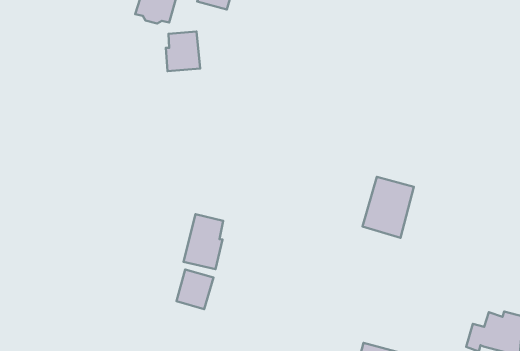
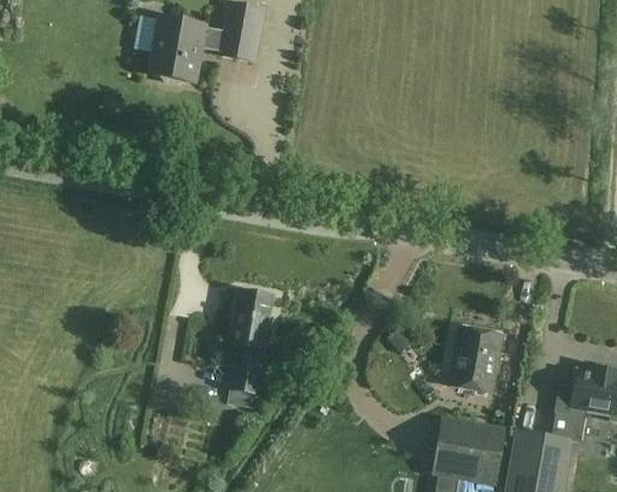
building: [166,31,200,71] -> none
building: [362,177,414,238] -> [448,327,501,392]

